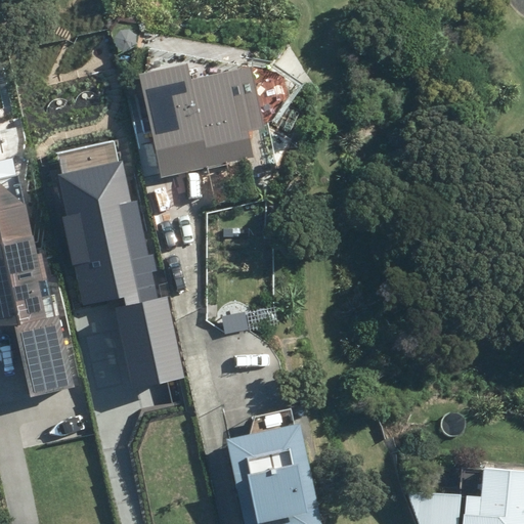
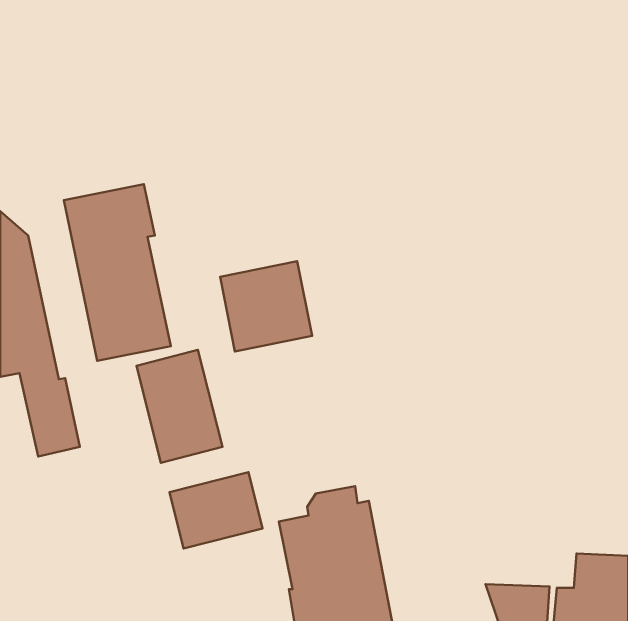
building: [145,49,273,179] -> none
building: none -> [220,261,312,352]
building: none -> [170,472,263,549]

